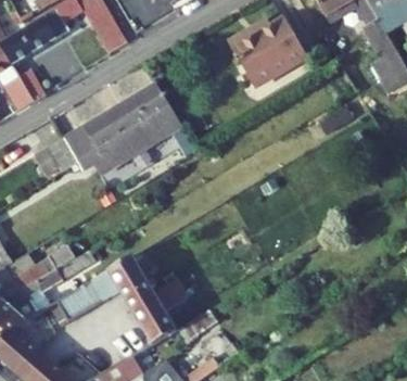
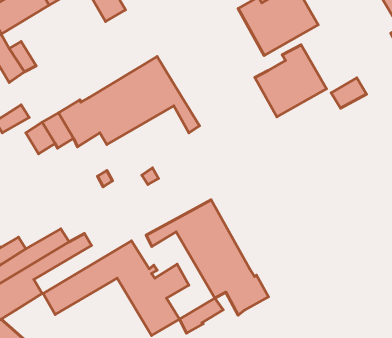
building: none -> [255,45,327,117]
building: none -> [146,200,268,315]

